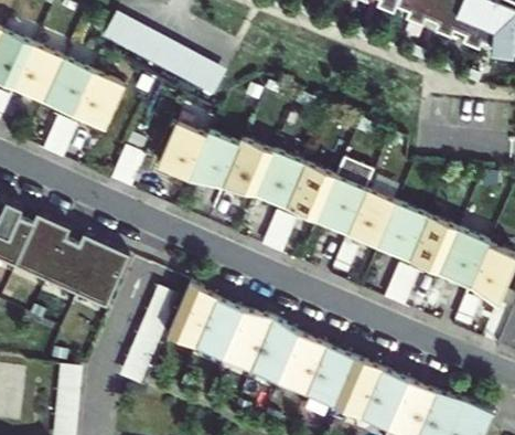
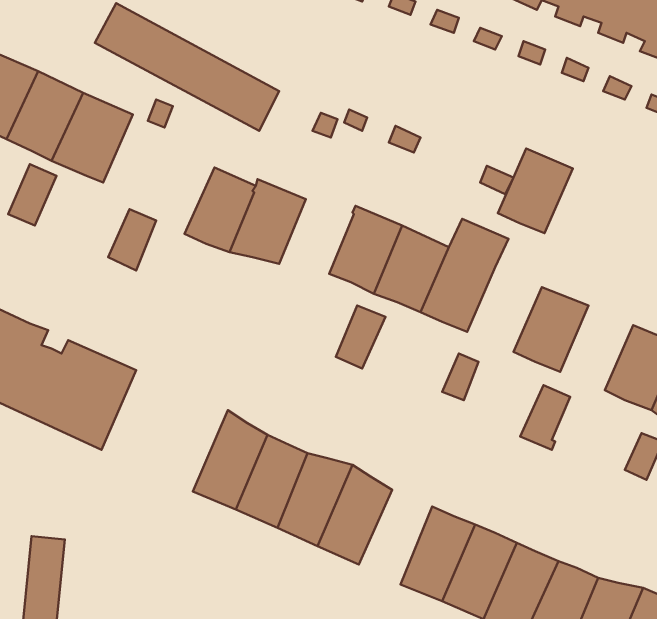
building: [224,134,275,192] -> none
building: [348,188,398,244] -> [498,148,573,233]
building: [410,213,459,269] -> none
building: [121,288,178,382] -> none
building: [277,336,325,399] -> none

